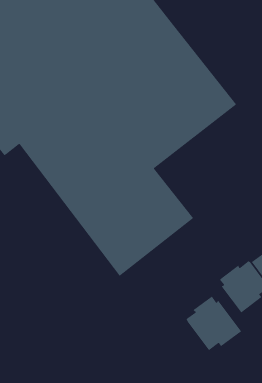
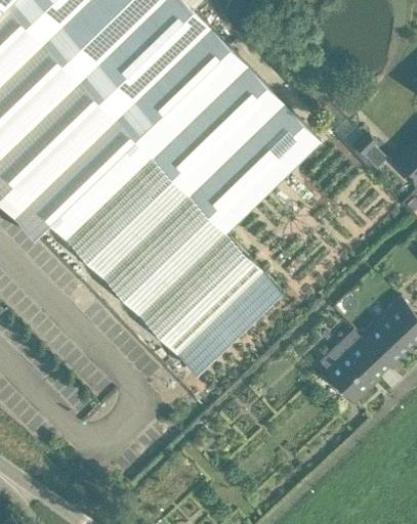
building: [185,295,242,351] -> none

